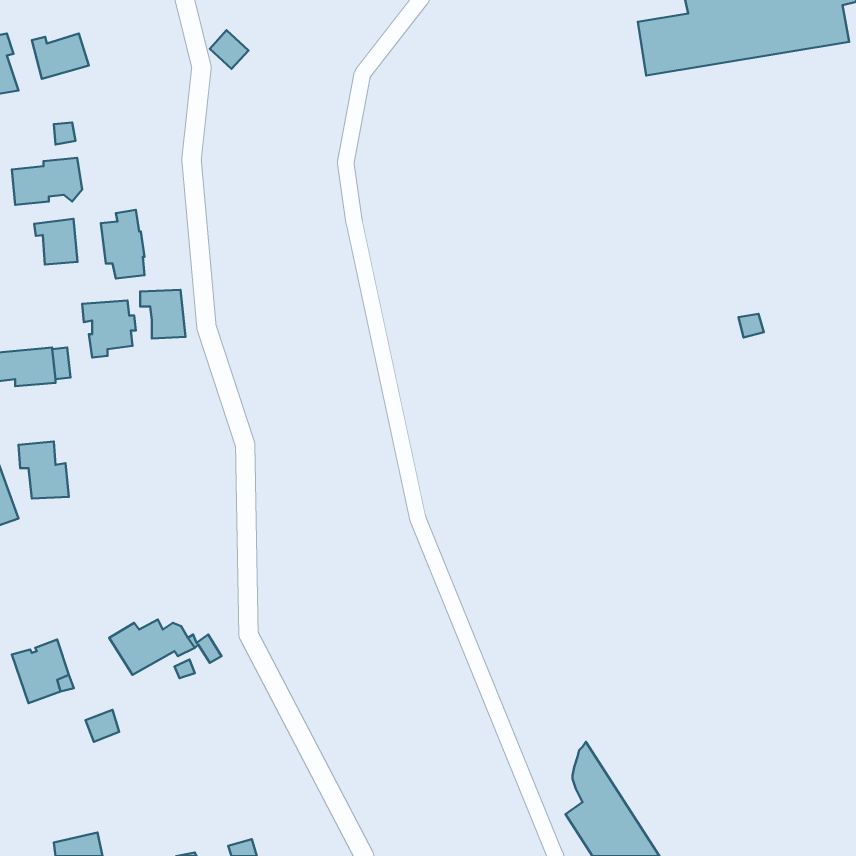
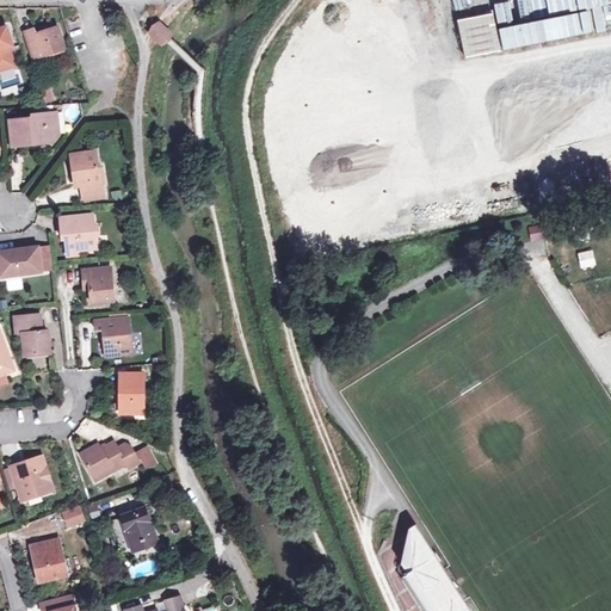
building: [34,219,78,264] -> none
building: [140,290,185,338] -> [80,267,112,302]
building: none -> [94,316,130,353]
building: none -> [119,374,142,412]
building: none -> [111,505,156,551]
building: none -> [31,539,66,581]

